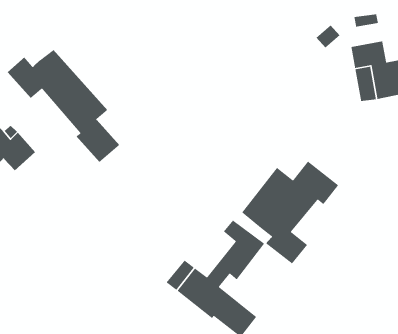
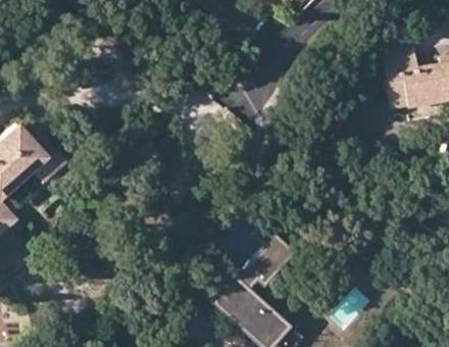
building: [7,49,120,163] -> none
building: [241,161,339,265] -> none

